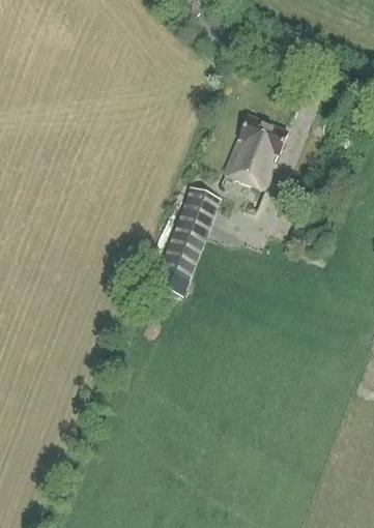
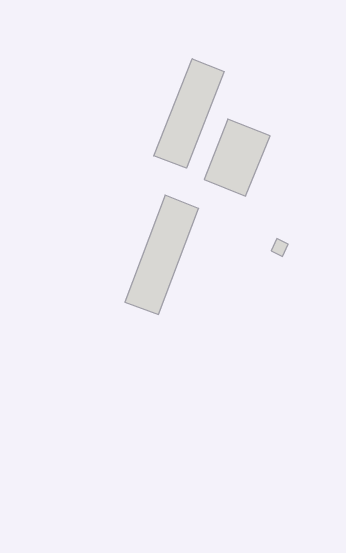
building: none -> [154,59,224,168]

